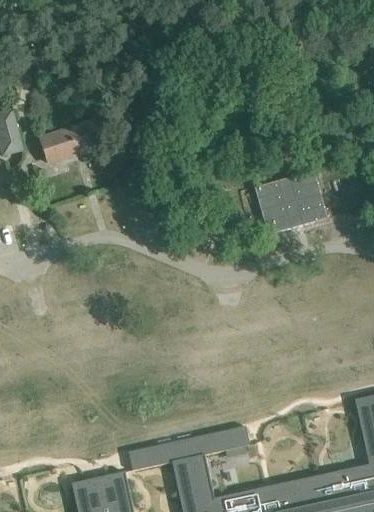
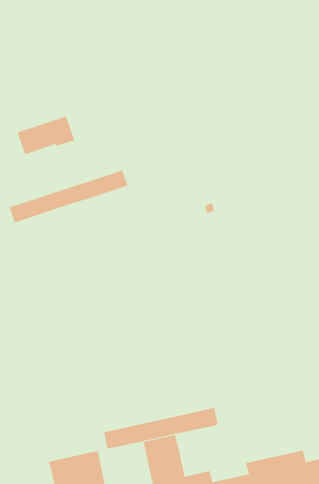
building: [254,171,326,235] -> none
building: none -> [9,169,128,223]

